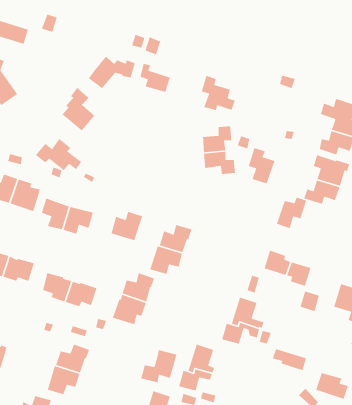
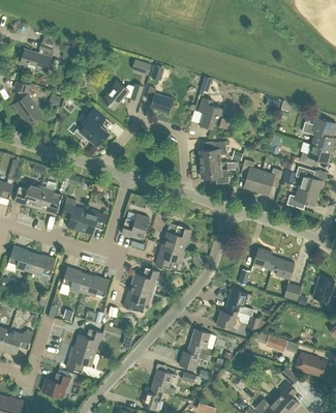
building: [35,138,82,171] -> none
building: [276,197,307,229] -> [255,168,282,196]
building: [140,349,177,383] -> none

